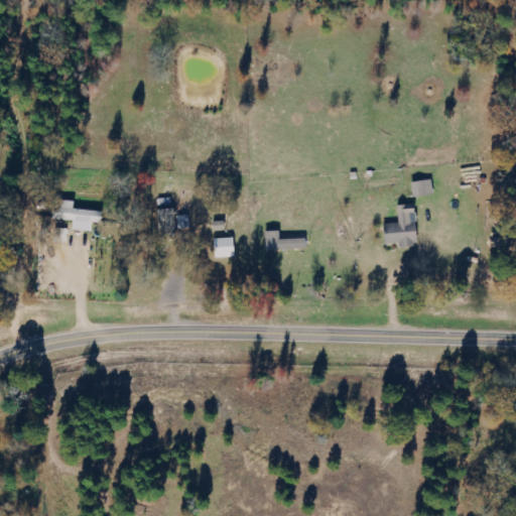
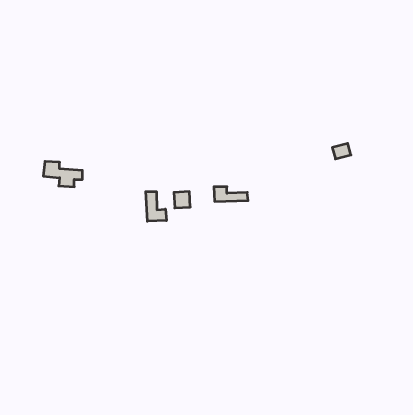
building: [384,204,417,247] -> none
building: none -> [146,192,166,221]

